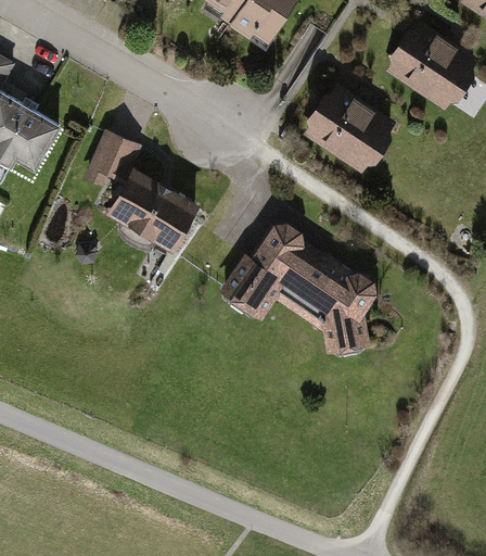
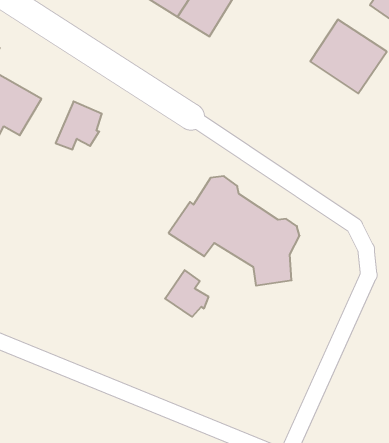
building: [312,91,406,181] -> none
building: [104,163,197,249] -> none
building: none -> [165,270,208,317]

